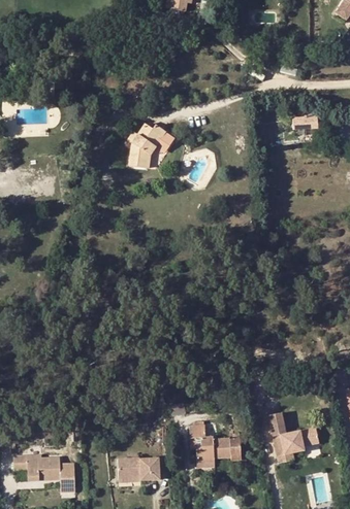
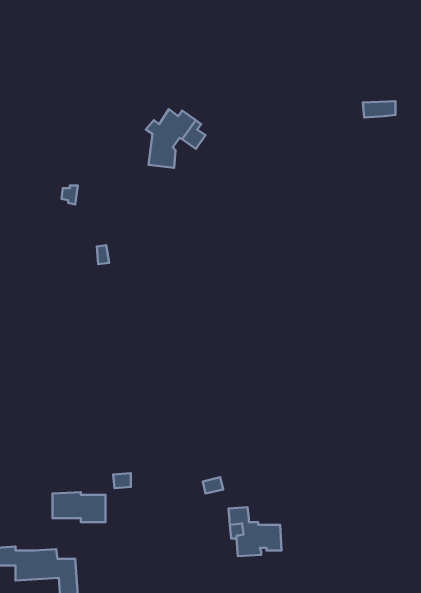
building: [268,413,318,463] -> none
building: [119,457,159,480] -> [52,492,105,522]

